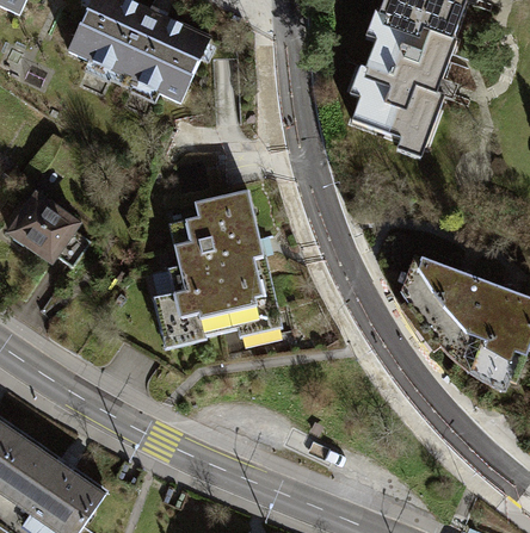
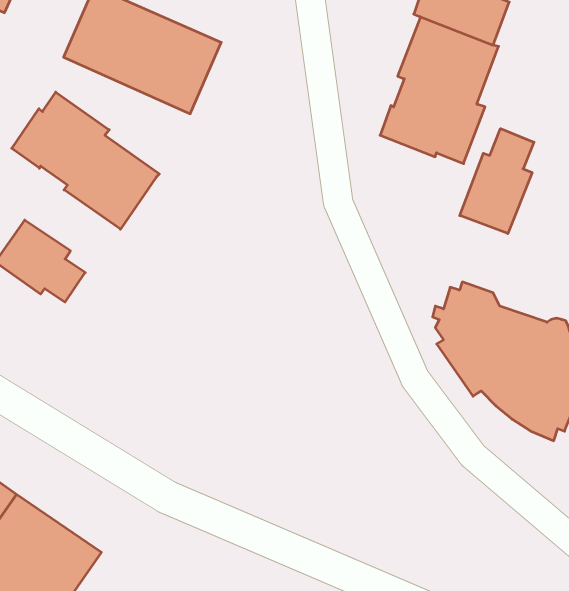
building: none -> [12,92,159,229]
building: none -> [460,129,534,234]
building: [152,190,278,347] -> none

